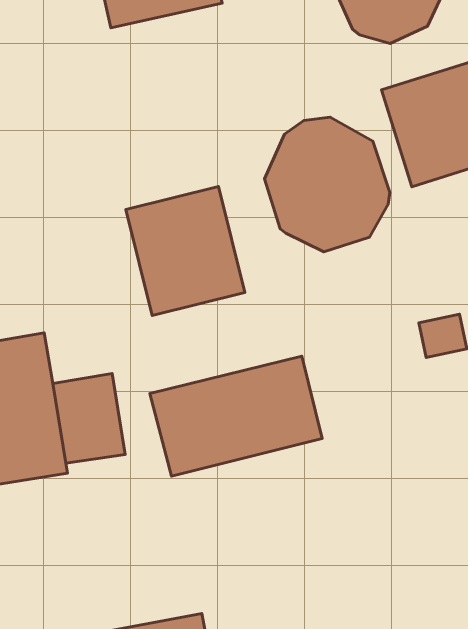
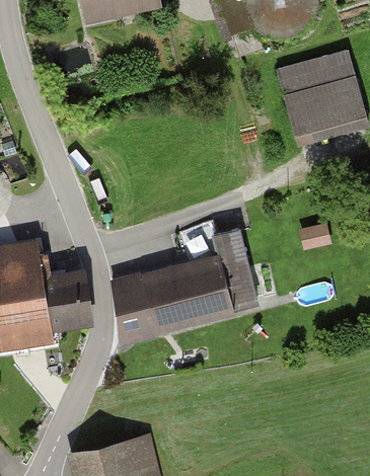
building: [264,117,390,252] -> none
building: [126,186,245,316] -> none
building: none -> [213,231,262,314]

